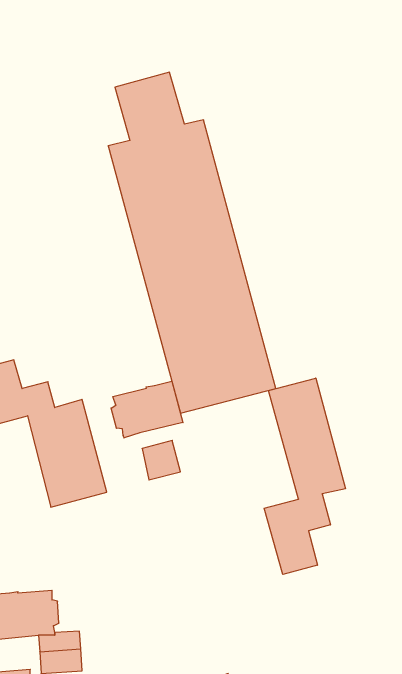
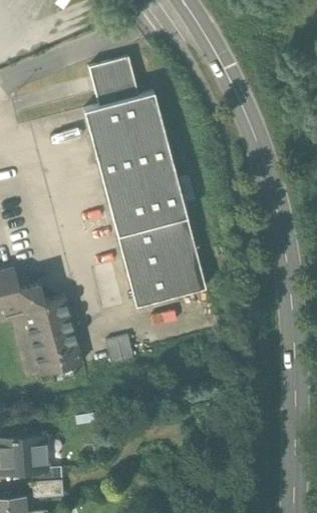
building: [264,378,345,574] -> none
building: [111,381,183,438] -> none

